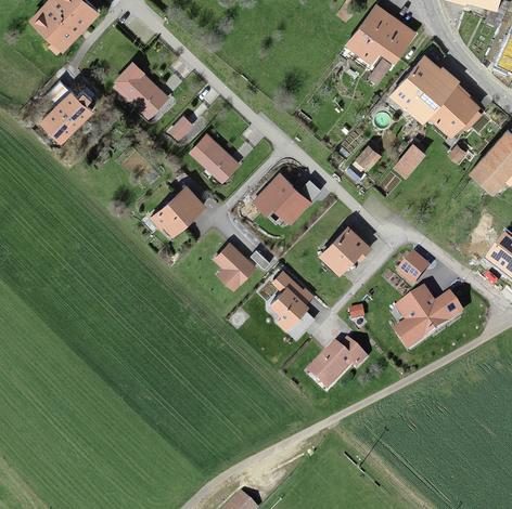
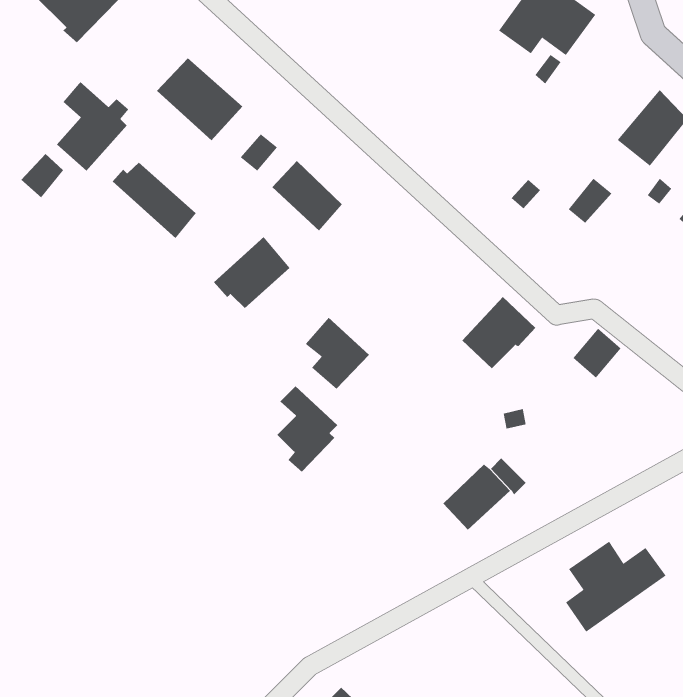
building: [389,56,457,125] -> none
building: none -> [21,153,64,198]
building: none -> [112,162,196,239]
building: [254,173,311,222] -> none
building: [271,271,313,330] -> [276,386,338,473]
building: [395,284,464,347] -> [565,541,666,632]

